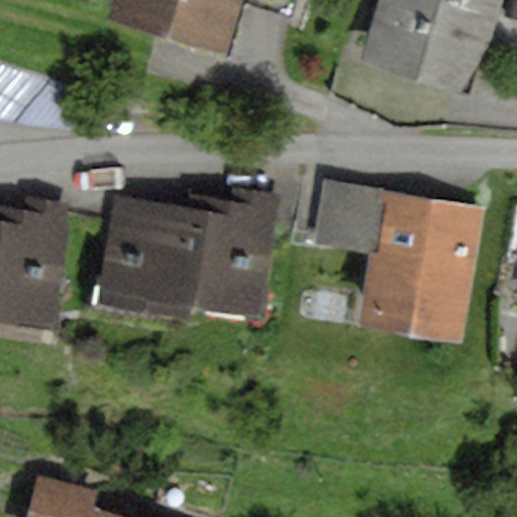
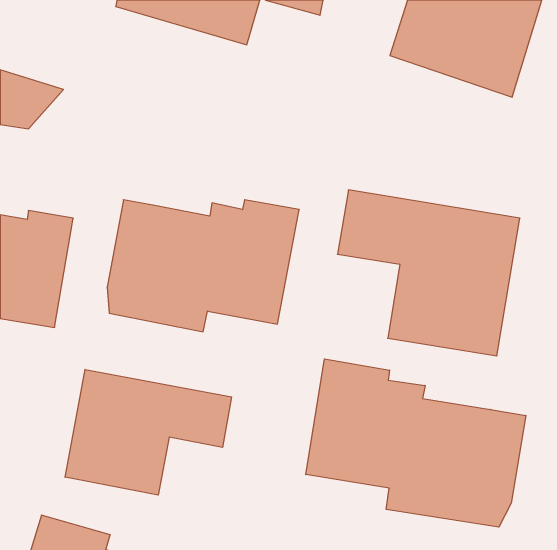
building: none -> [306,359,526,527]
building: none -> [65,369,232,495]

